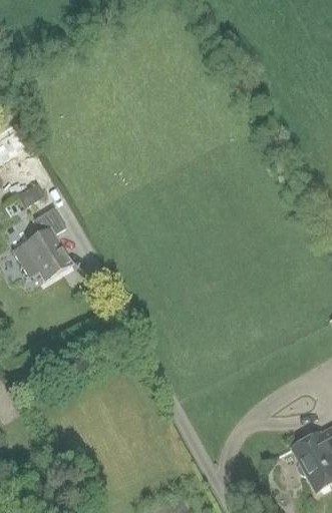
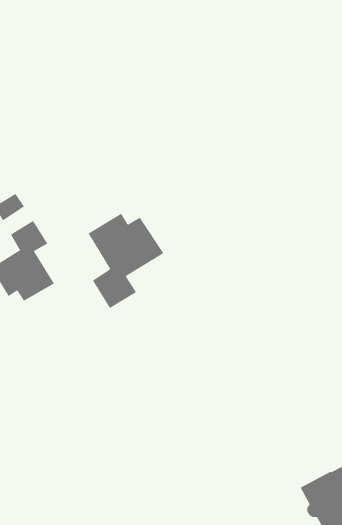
building: none -> [88,213,164,309]

